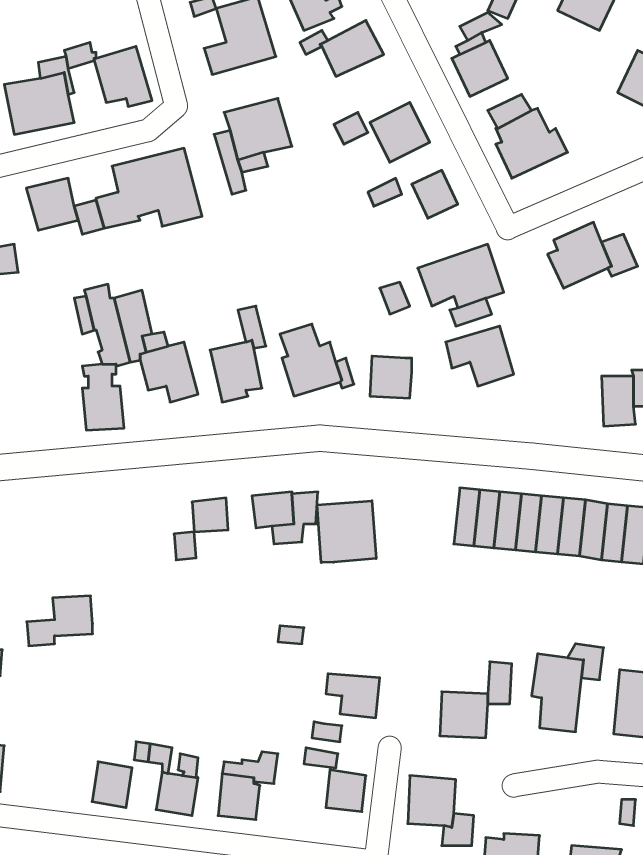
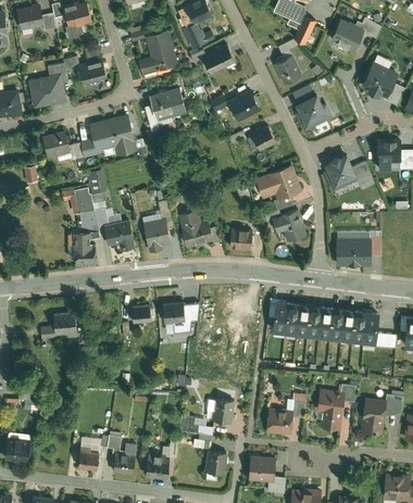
building: none -> [338,238,355,265]
building: [317,501,376,563] -> none
building: [27,596,93,646] -> [40,313,76,340]

